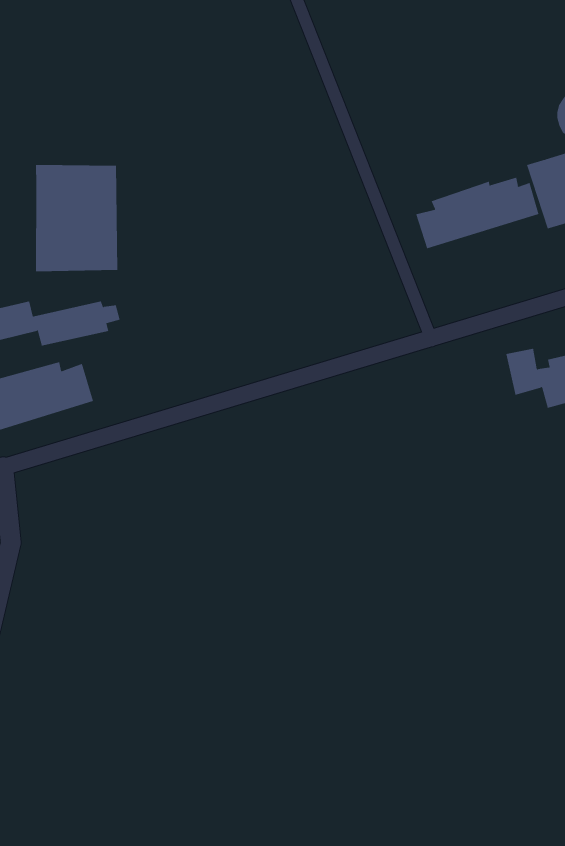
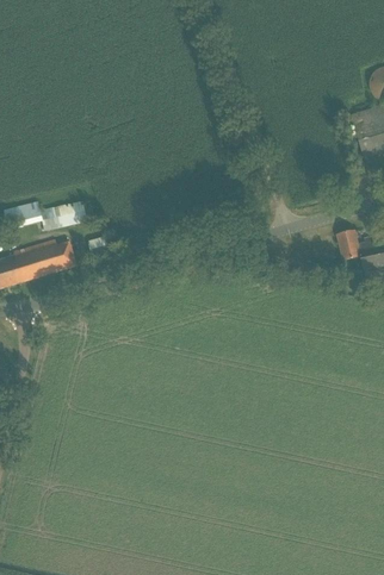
building: [36,164,118,272] -> none
building: [416,177,539,249] -> none

